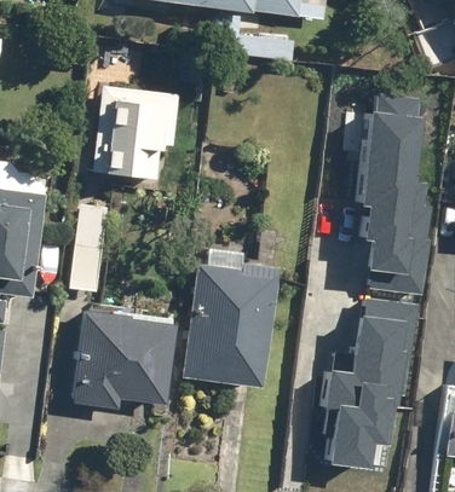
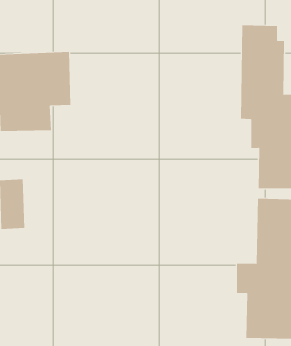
building: [189,261,278,381] -> none
building: [69,308,163,409] -> none

